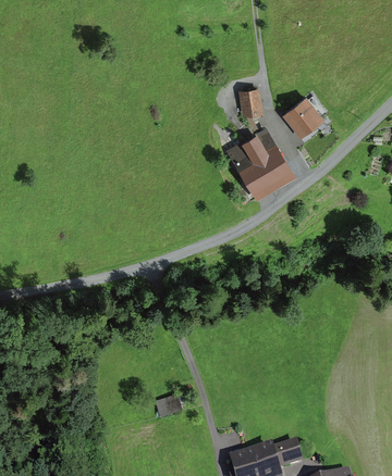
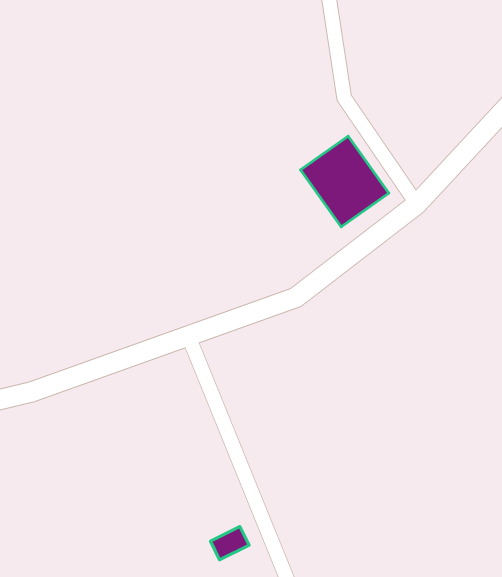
building: [238,91,259,117] -> none
building: [283,99,324,138] -> none

